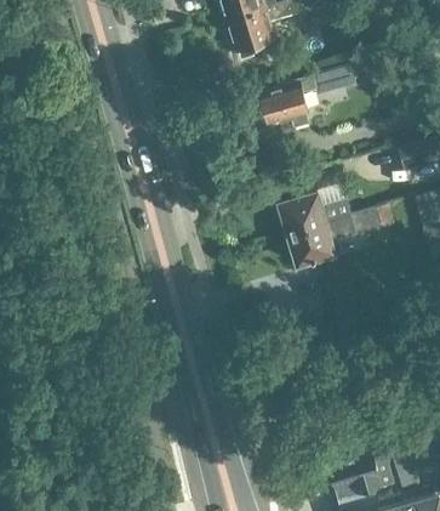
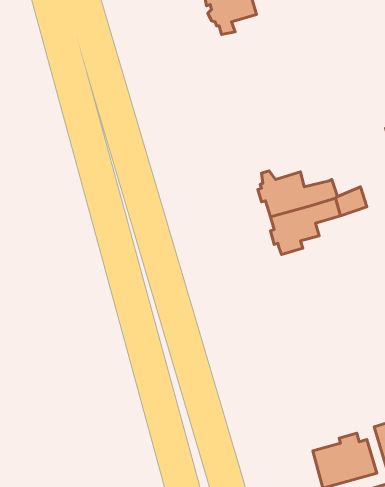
building: [258,70,343,130] -> none

